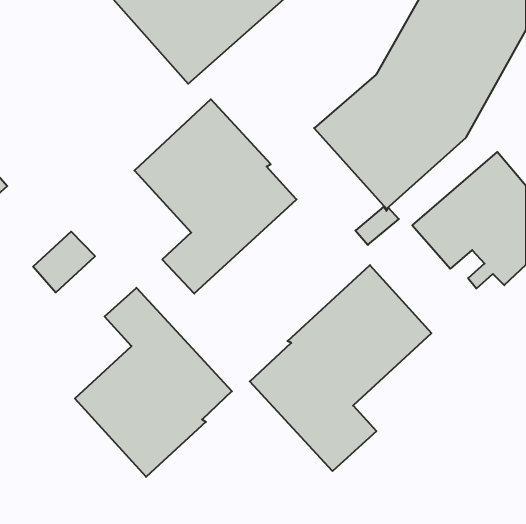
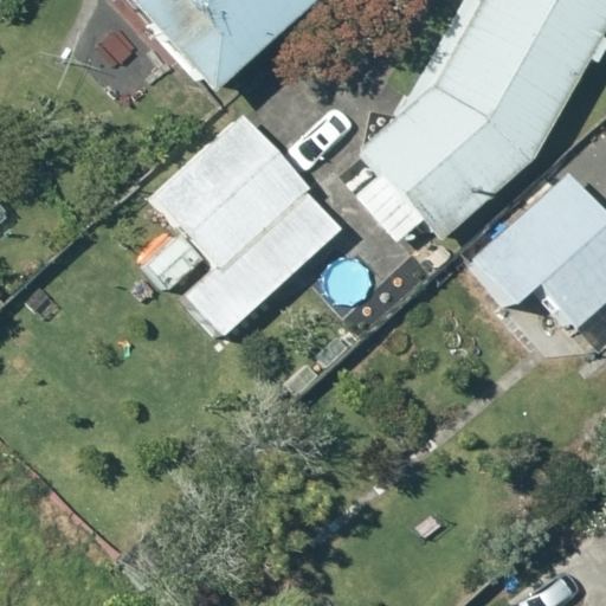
building: [250,265,431,471] -> none
building: [75,288,232,477] -> none

